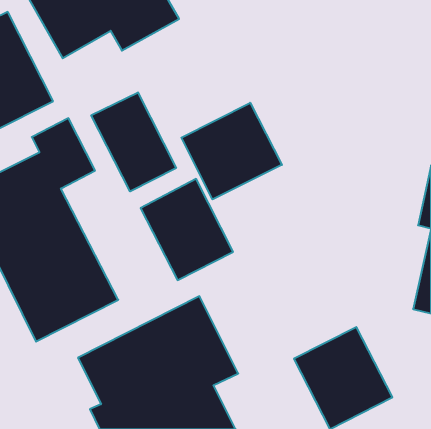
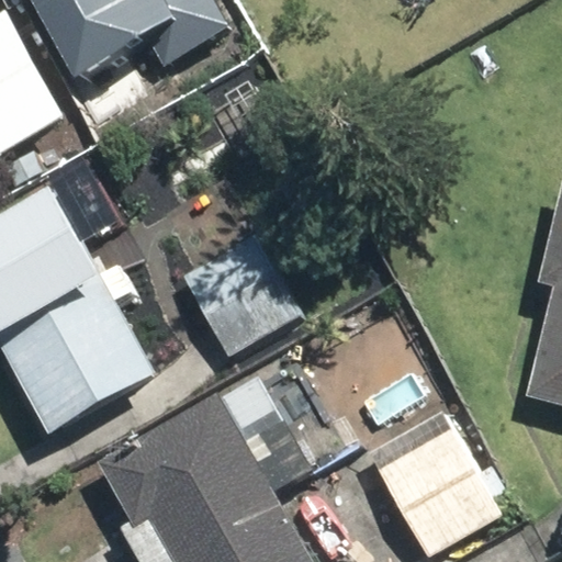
building: [91,92,176,191] -> none
building: [181,103,282,199] -> none

